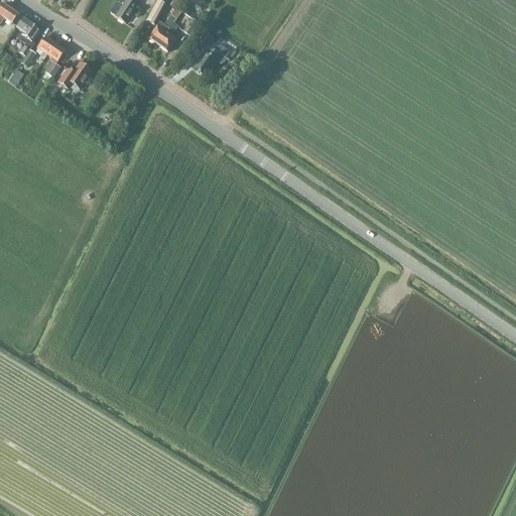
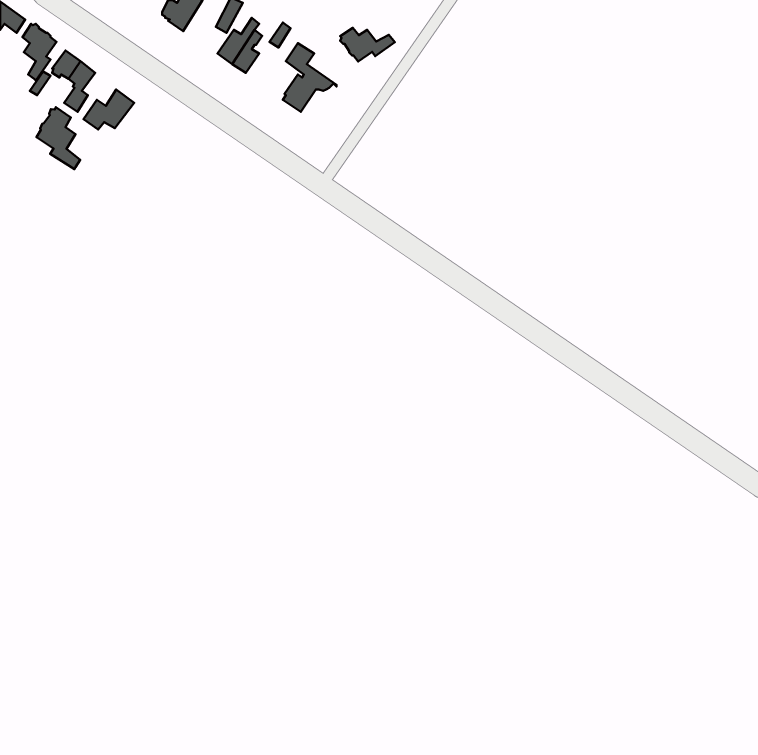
building: none -> [340,28,395,62]
building: none -> [36,107,80,169]

